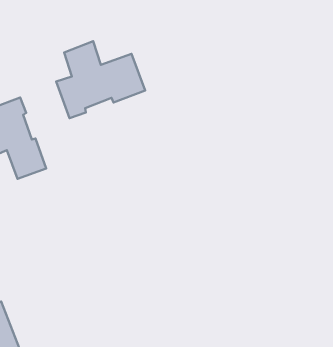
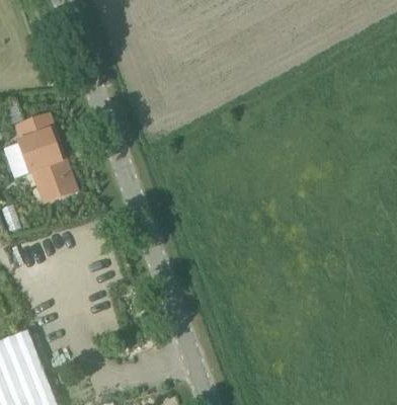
building: [56,41,145,118] -> none

